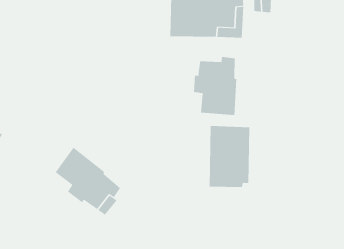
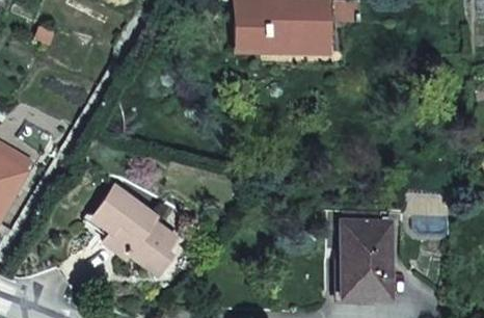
building: [194,56,237,116] -> none
building: [209,126,250,188] -> [341,219,392,296]

